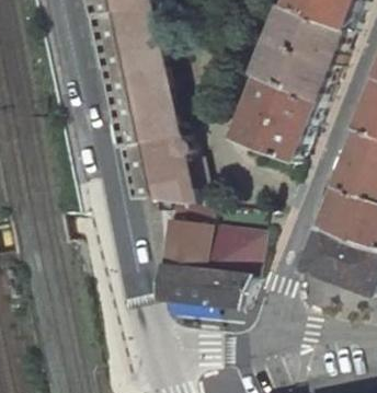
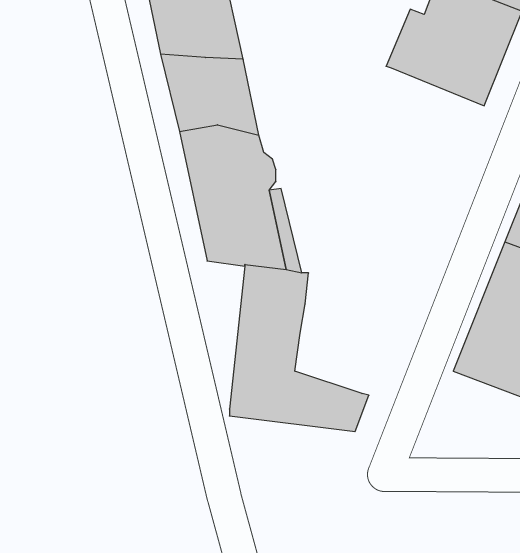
building: [236,76,319,160] -> none
building: [198,226,249,282] -> none

